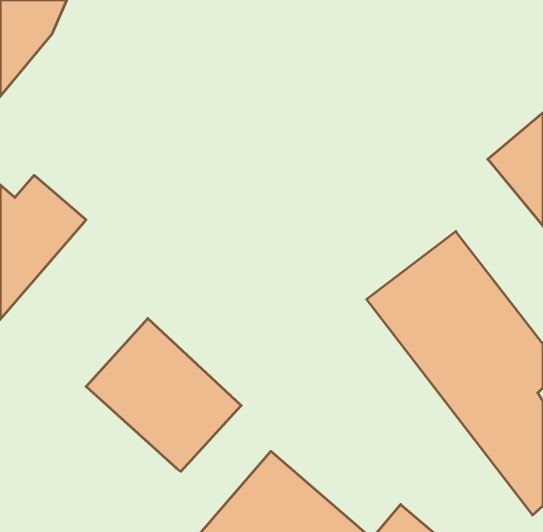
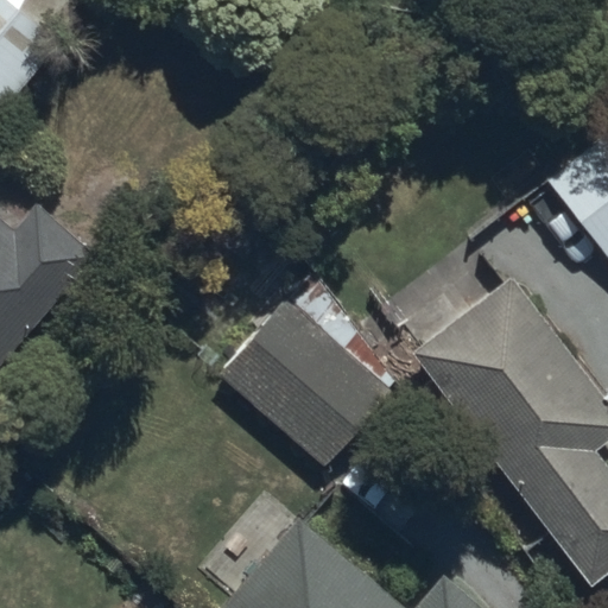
building: [86,318,241,471] -> [220,302,393,473]

